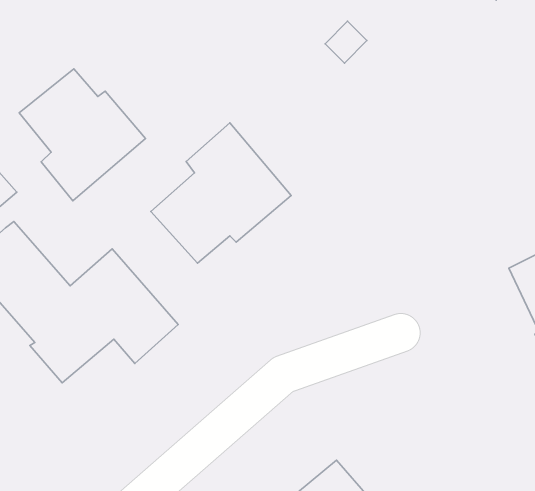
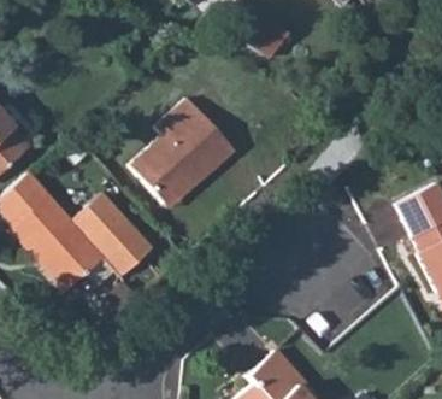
building: [19,69,146,201] -> none

